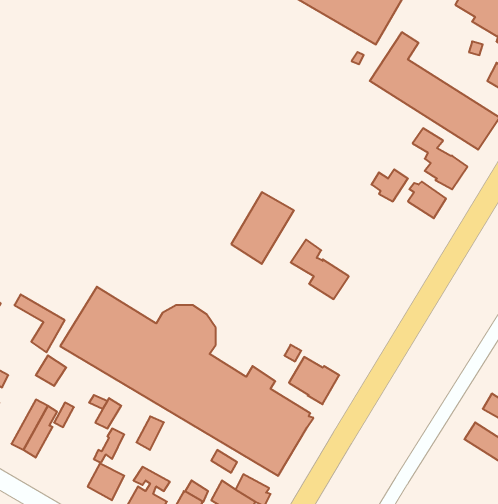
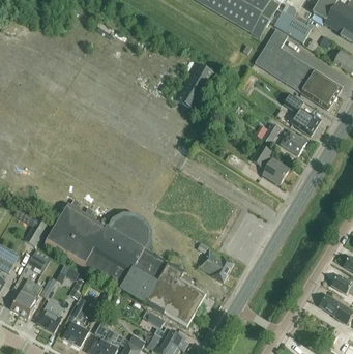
building: none -> [274,11,311,42]
building: [231,192,294,264] -> [175,62,217,111]
building: [291,240,349,299] -> [251,144,290,184]
building: none -> [38,301,63,332]

